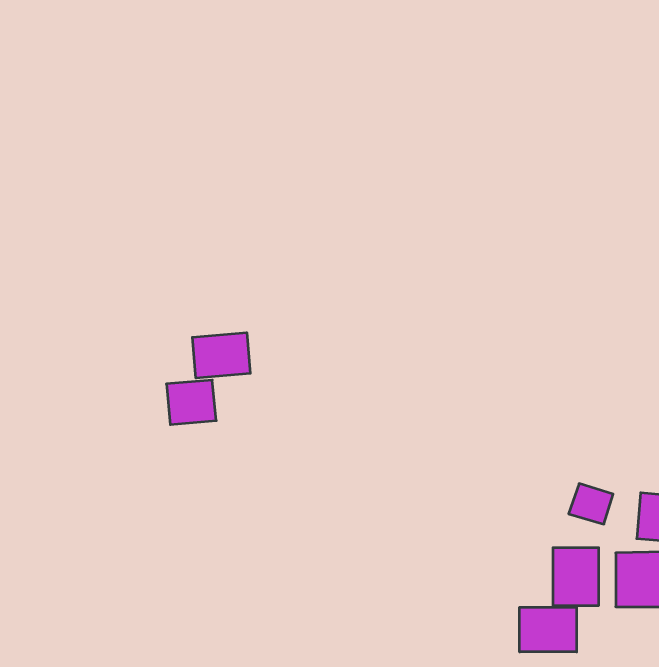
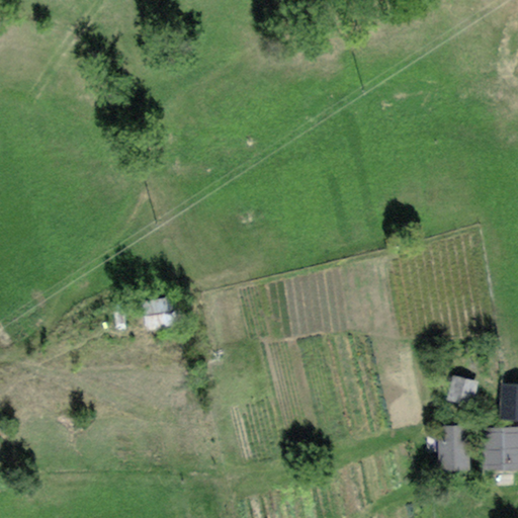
building: [192,333,250,378] -> none
building: [520,607,577,652] -> none

